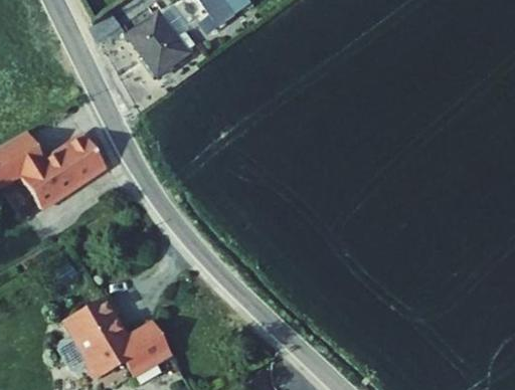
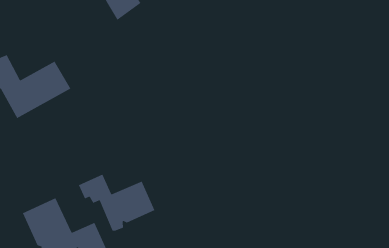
building: none -> [78,174,156,232]

